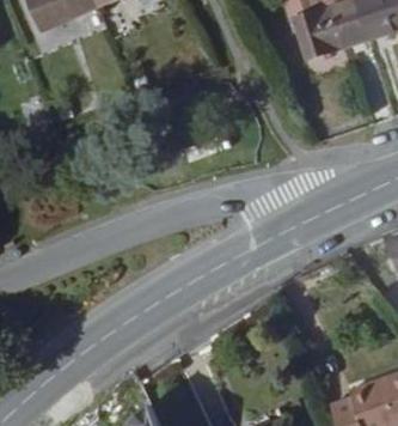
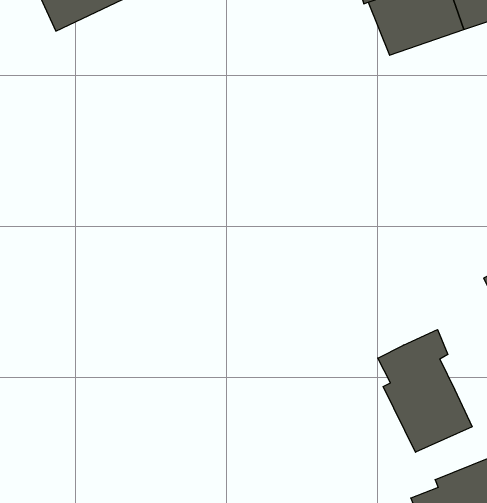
building: none -> [378,330,472,452]

